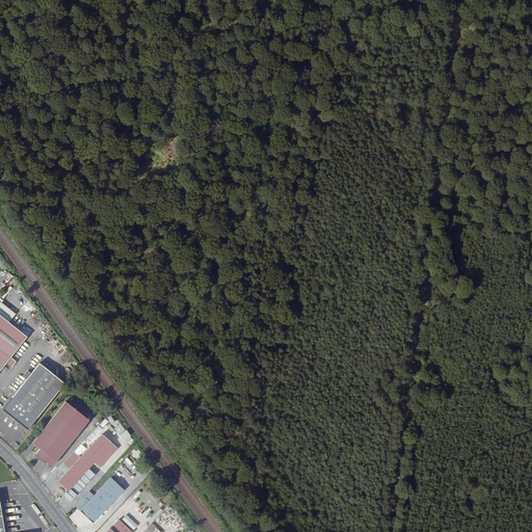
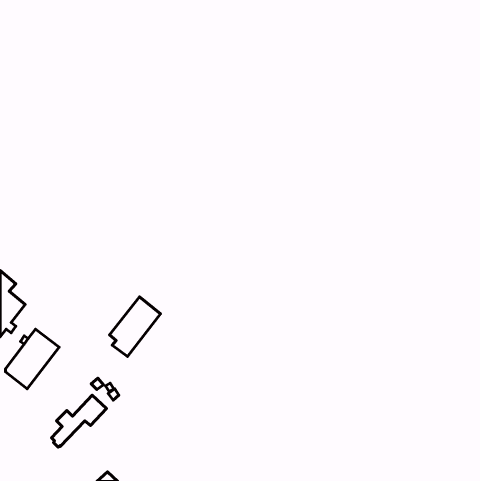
building: [32,402,88,468] -> [109,297,160,357]
building: [74,478,124,524] -> none

